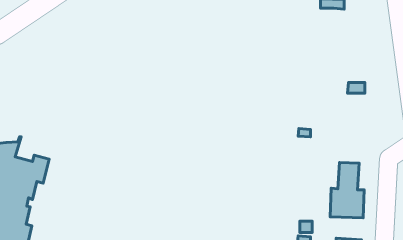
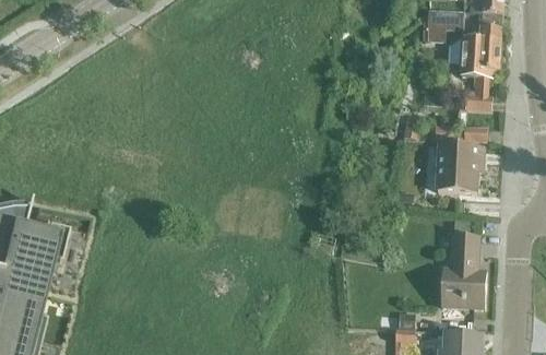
building: none -> [449,24,500,108]
building: none -> [436,142,483,191]

